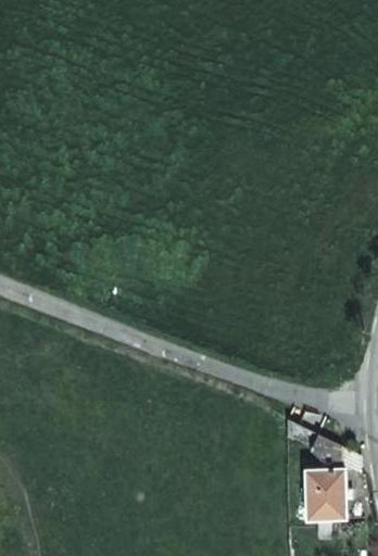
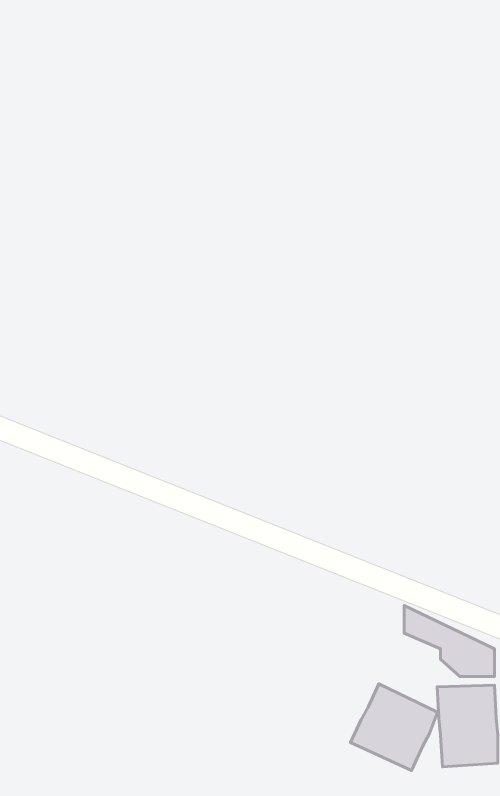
building: none -> [350,684,438,770]

